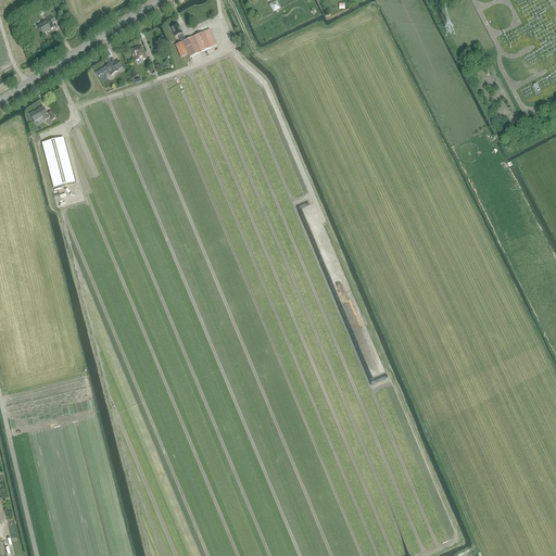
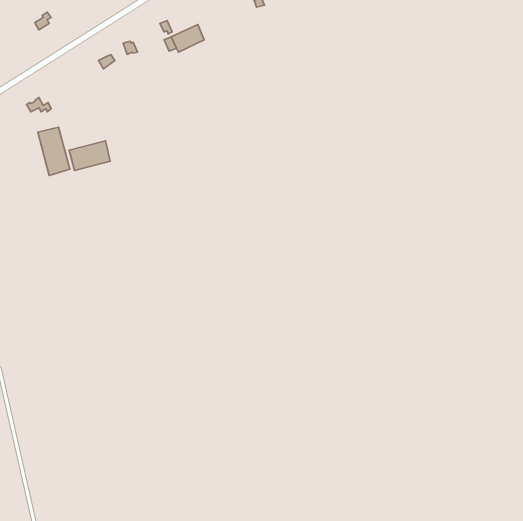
building: none -> [69,141,110,170]

